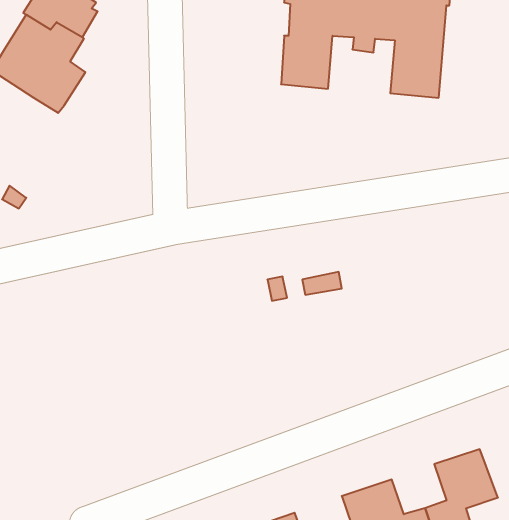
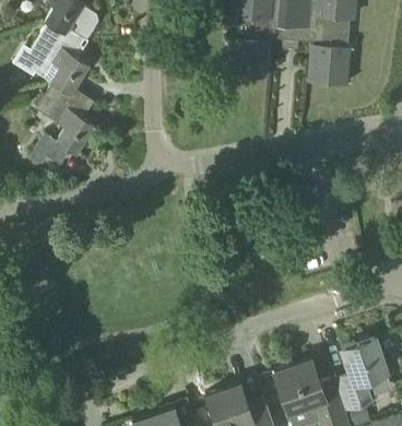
building: none -> [37,84,96,155]

